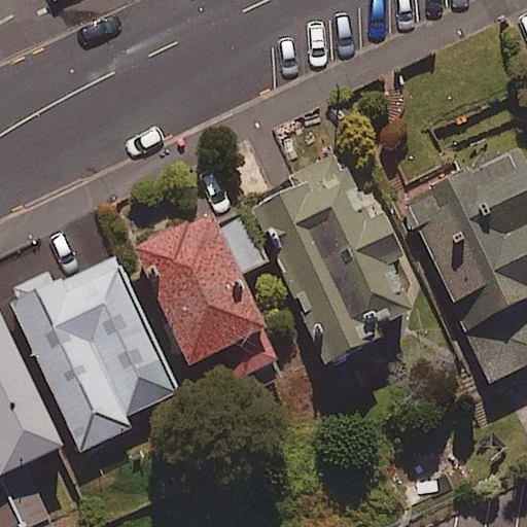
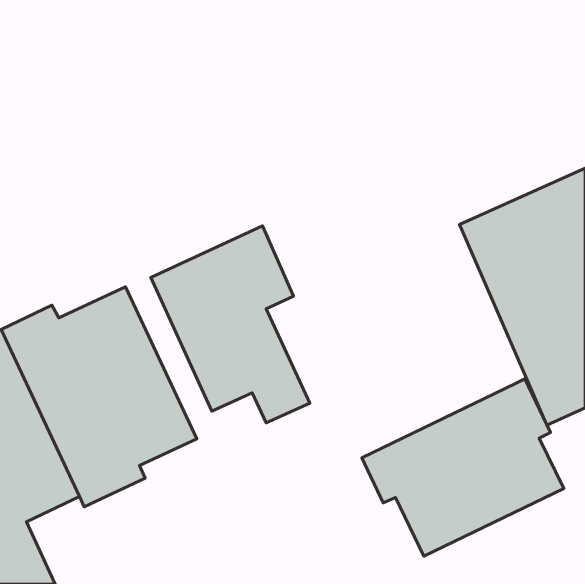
building: [258,153,412,360] -> none
building: none -> [362,379,564,556]

